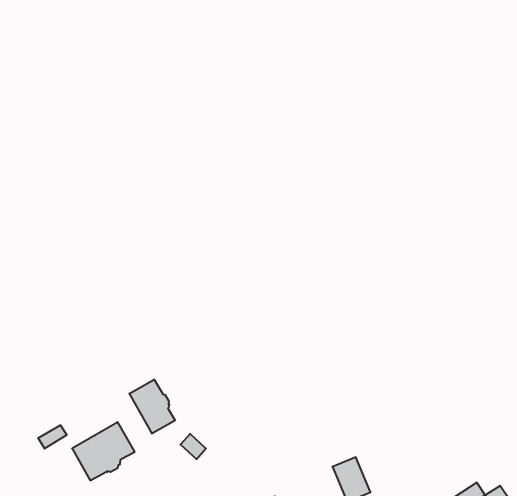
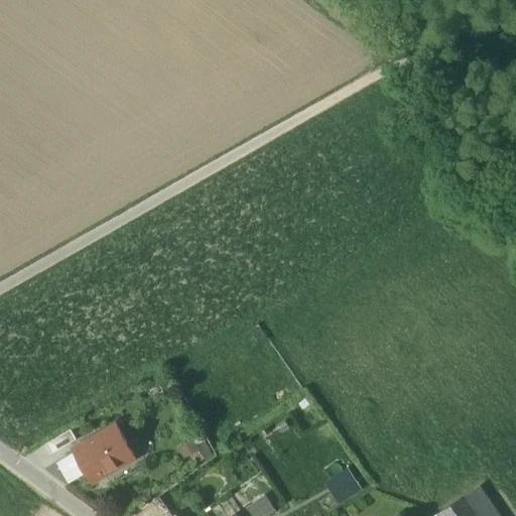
building: [129,379,175,434] -> none

